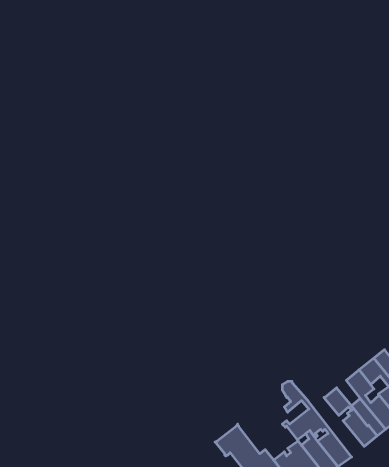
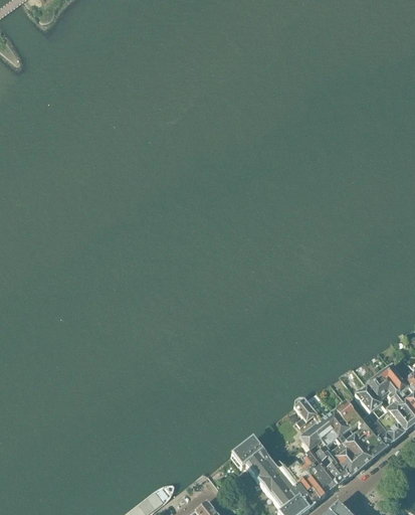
building: none -> [320,411,373,468]

